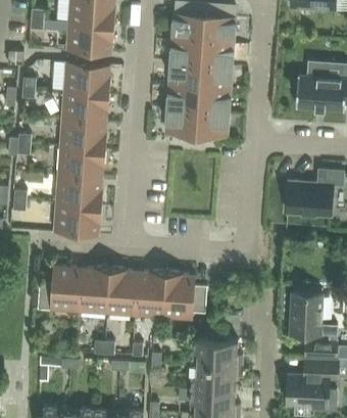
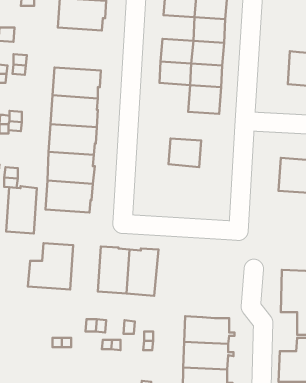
building: [170,39,202,64] -> none
building: [63,61,110,94] -> none
building: [165,106,198,135] -> [168,139,201,167]
building: [79,267,109,314] -> [6,186,37,233]
building: [162,272,206,320] -> none

